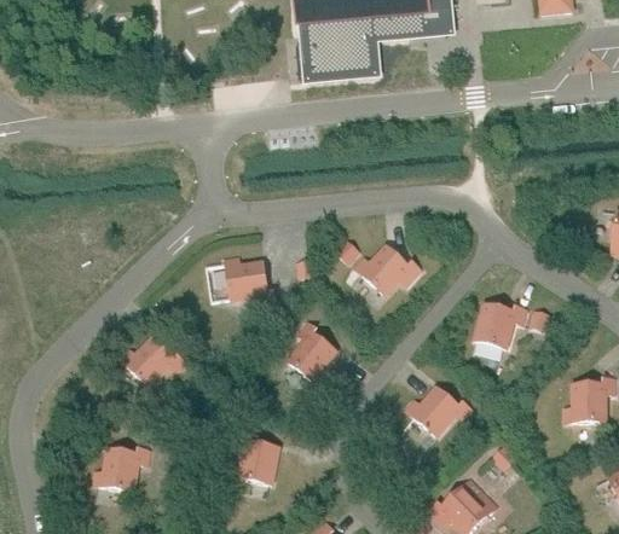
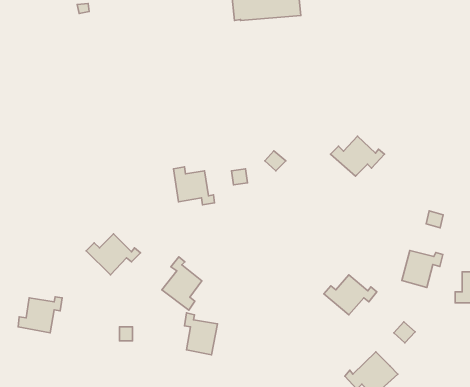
building: [354,245,420,294] -> [330,136,385,176]
building: [475,303,525,348] -> [402,250,443,288]
building: [288,321,336,385] -> [162,257,202,310]
building: [94,447,147,491] -> [18,297,62,333]

